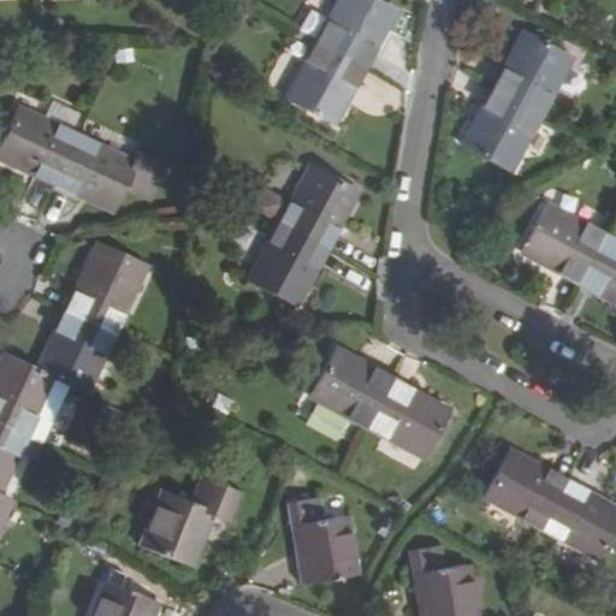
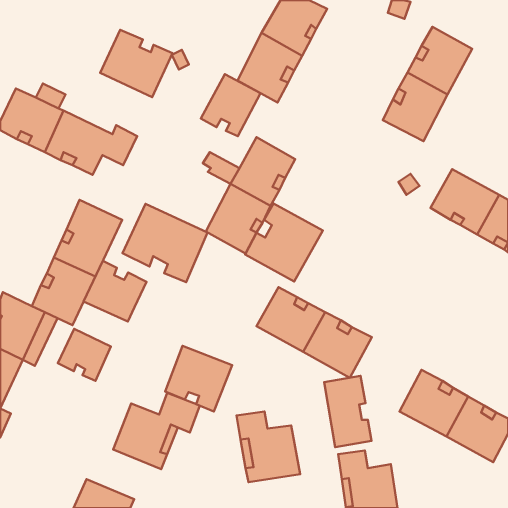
building: none -> [100,30,173,97]
building: none -> [201,74,260,136]
building: none -> [245,203,323,282]
building: none -> [123,204,207,282]
building: none -> [84,261,146,322]
building: none -> [58,329,111,381]
building: none -> [165,346,232,411]
building: none -> [324,376,371,447]

